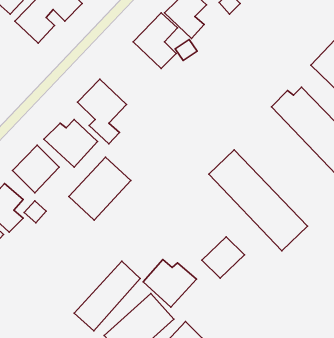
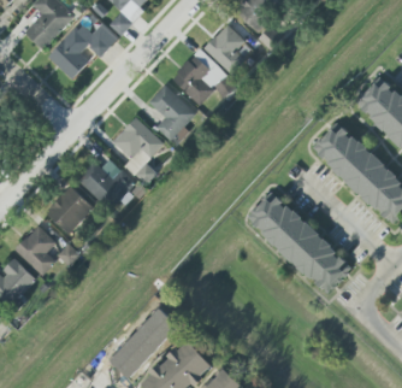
building: none -> [148,84,195,146]
building: [69,157,131,220] -> none
building: [202,237,245,278] -> none
building: [143,259,196,307] -> none

